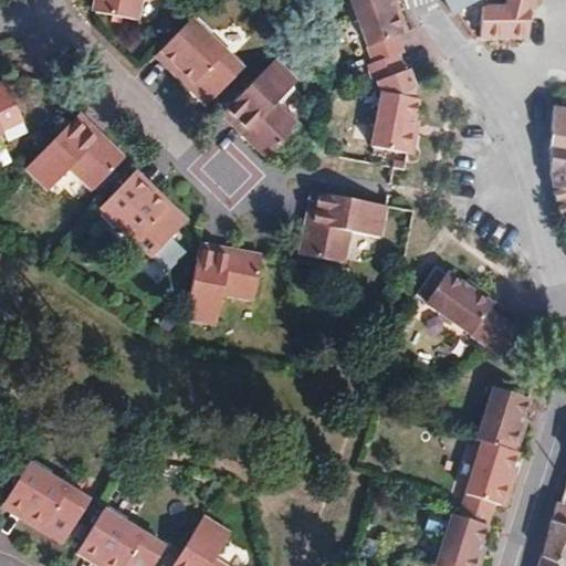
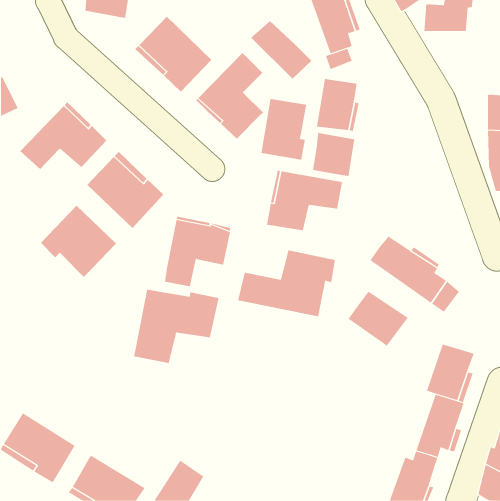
building: none -> [250,20,312,80]
building: none -> [261,98,307,160]
building: none -> [313,132,355,177]
building: none -> [40,205,117,278]
building: none -> [238,249,336,317]
building: none -> [133,289,219,364]
building: none -> [348,291,408,346]

